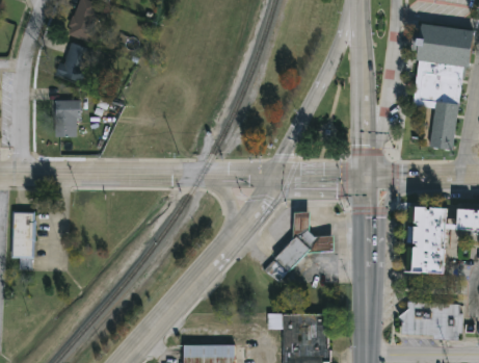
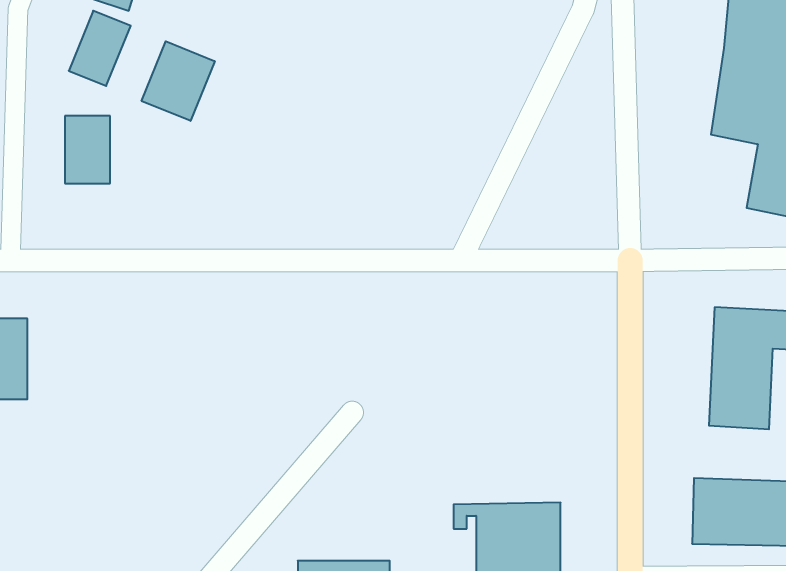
building: none -> [142,41,215,121]
building: [270,213,334,271] -> none

